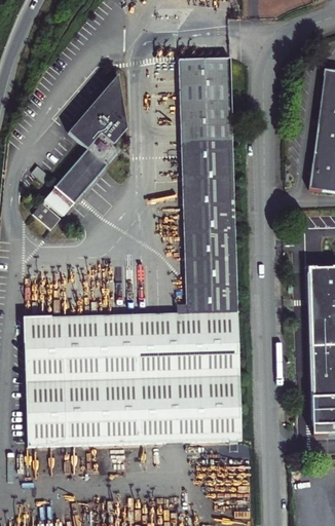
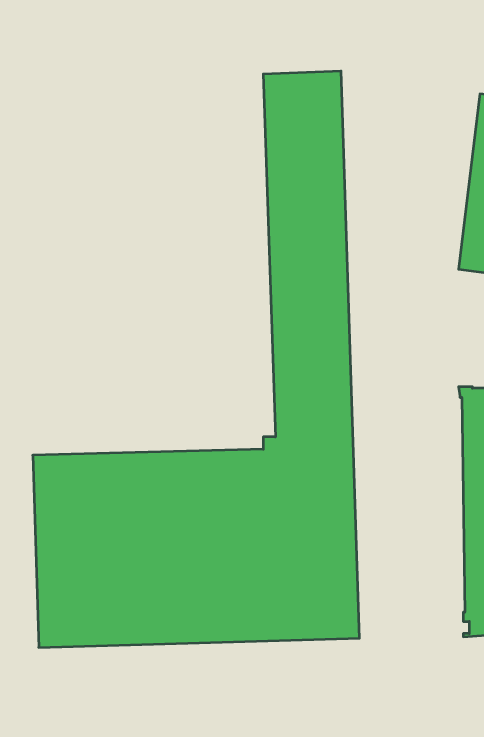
building: [37,75,131,229] -> none

